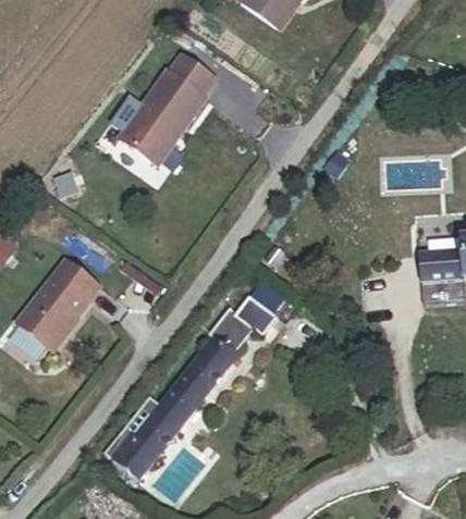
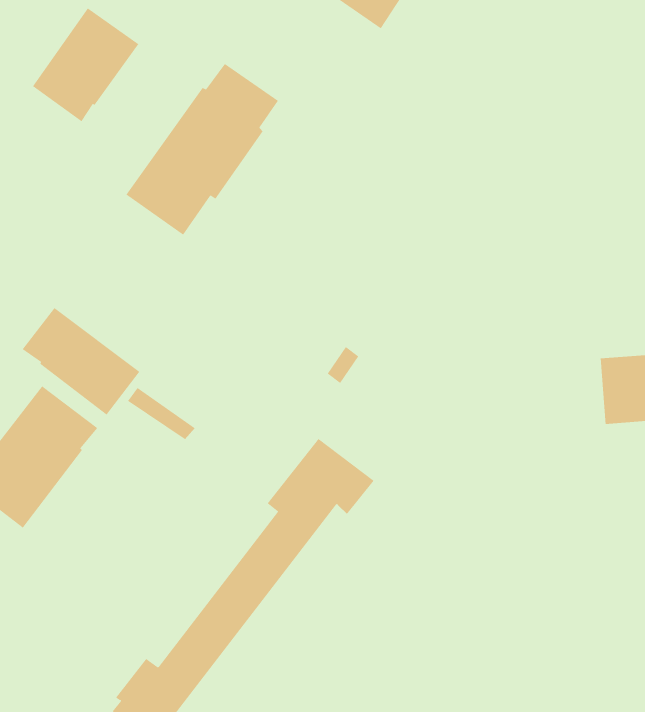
building: none -> [32,7,139,122]
building: none -> [22,307,140,416]

